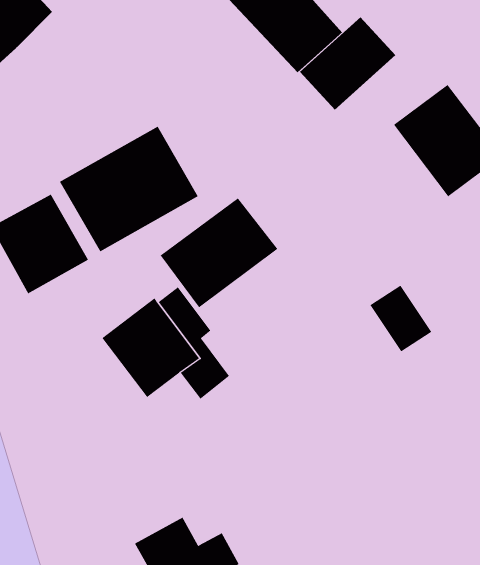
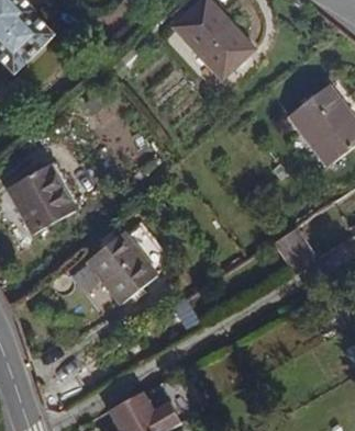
building: [299,17,396,110] -> none
building: [59,126,199,252] -> none
building: [160,198,278,308] -> none

